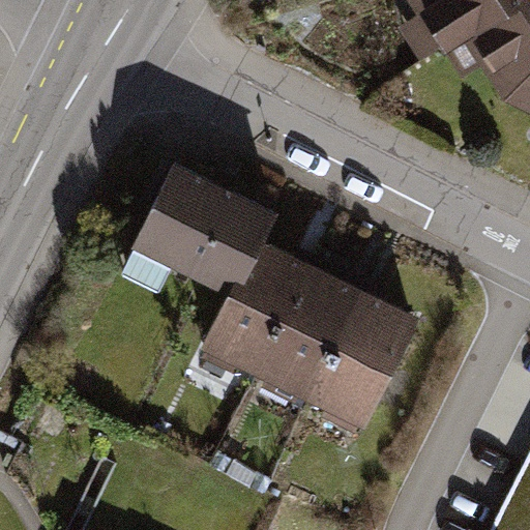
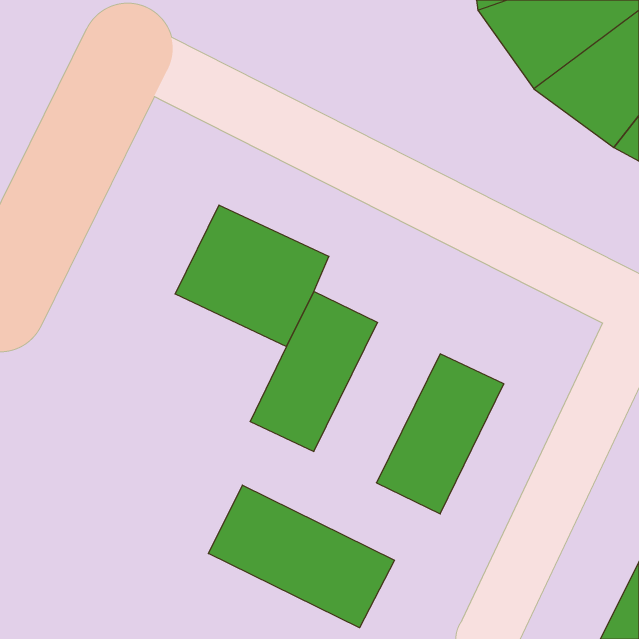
building: [260,267,364,400] -> none
building: none -> [208,485,394,628]

